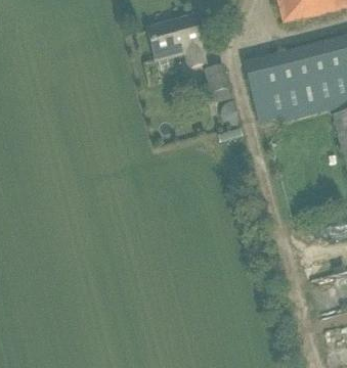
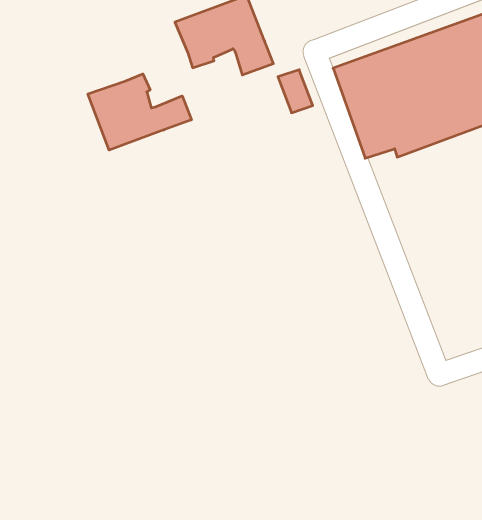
building: none -> [88,74,191,150]

